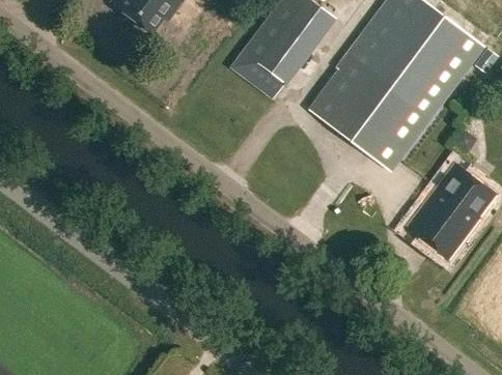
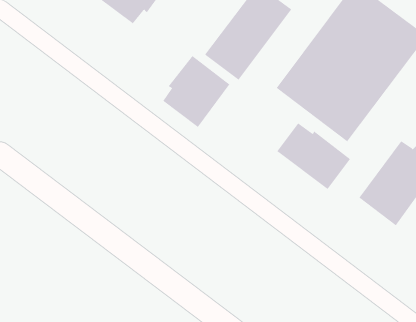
building: none -> [162,55,230,128]
building: none -> [276,123,351,190]

